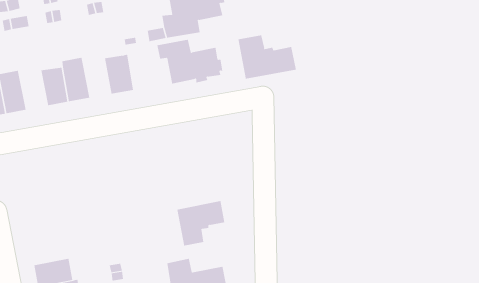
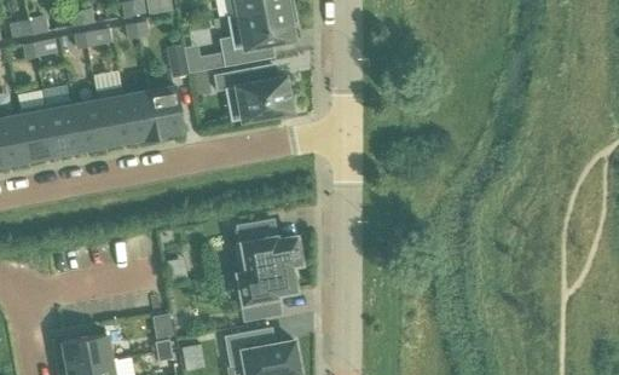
building: [238,35,296,79] -> none
building: none -> [123,91,157,139]
building: none -> [45,100,80,154]
building: none -> [235,223,301,275]

